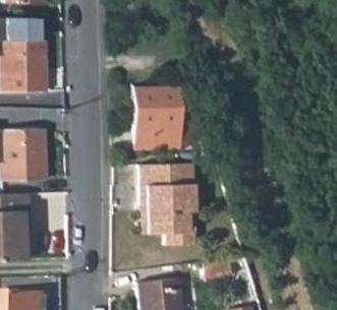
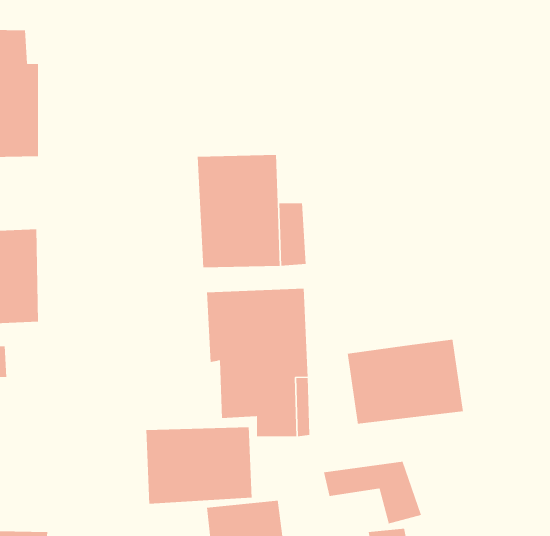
building: none -> [347,339,463,425]
building: none -> [146,426,252,504]

